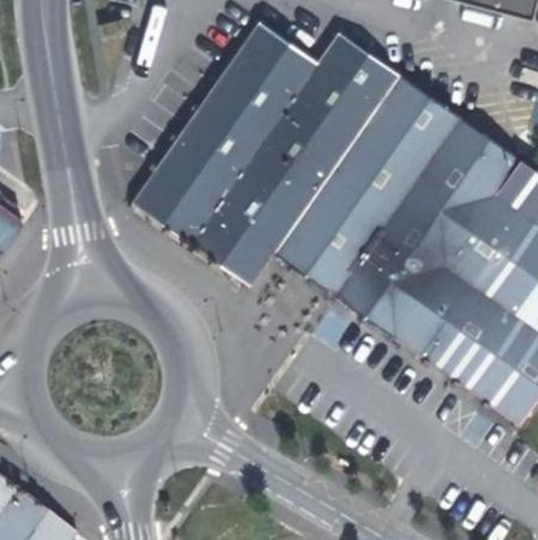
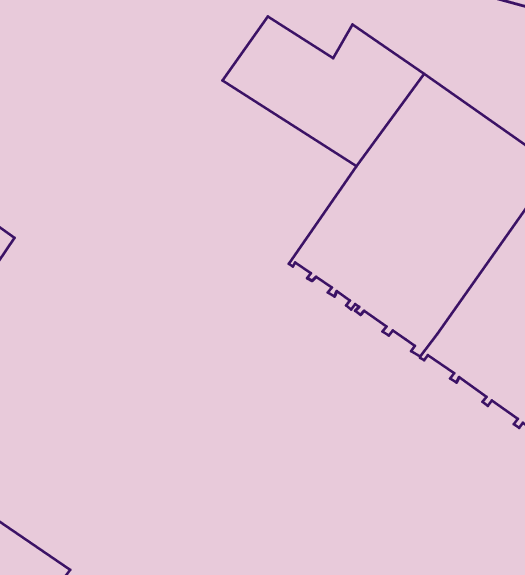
building: [133,79,338,278] -> none

